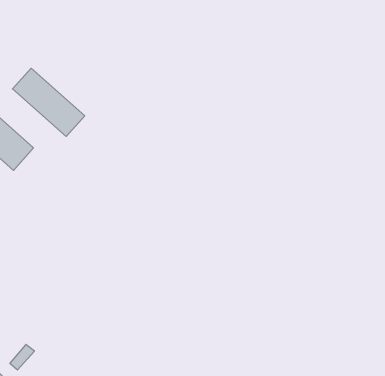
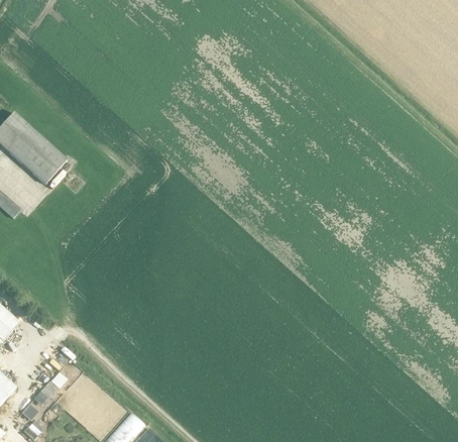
building: [12,68,85,136] -> none

